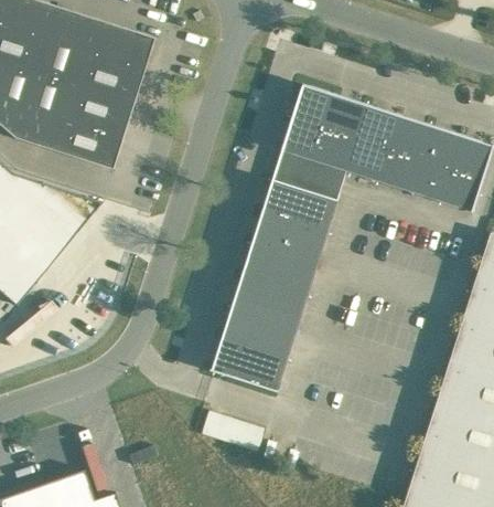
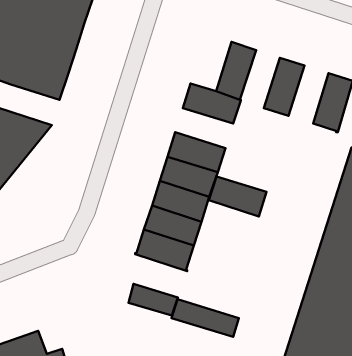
building: [282,85,335,159] -> none
building: [346,106,398,181] -> none
building: [409,126,461,201] -> none
building: [262,181,337,233] -> [209,176,267,217]
building: none -> [171,299,239,337]

